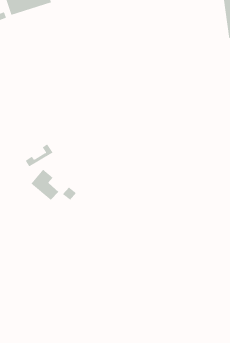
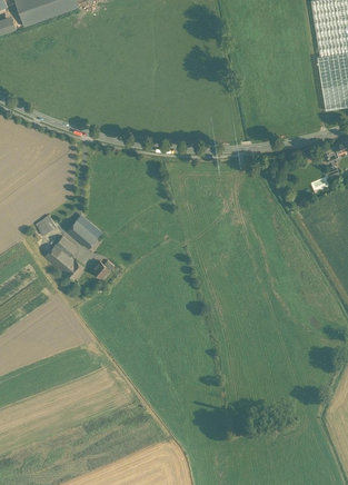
building: none -> [69,214,103,250]

